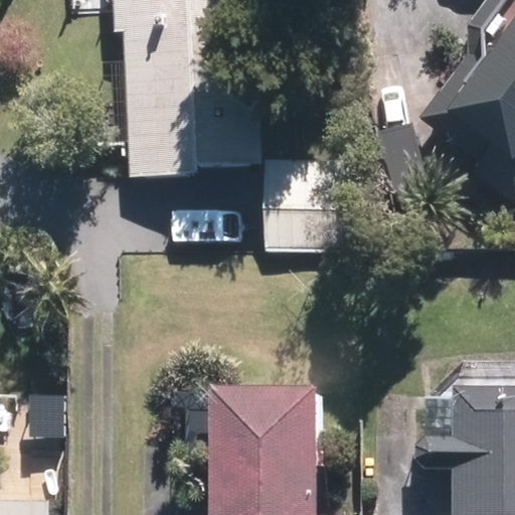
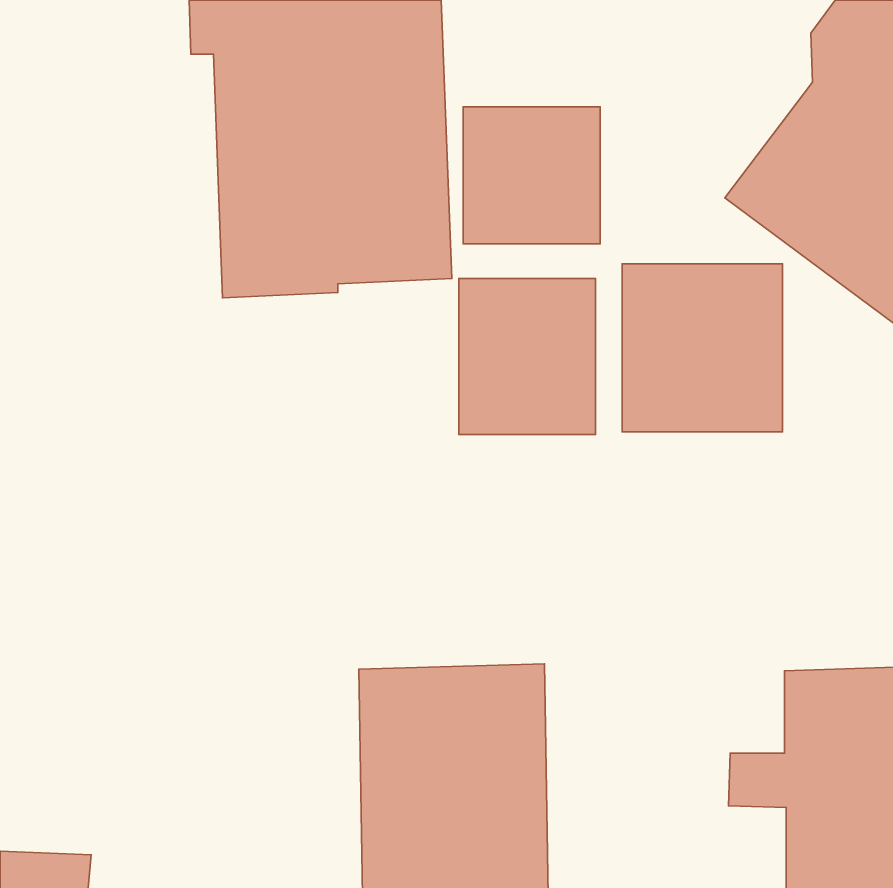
building: none -> [463,107,600,244]
building: none -> [622,264,782,432]

